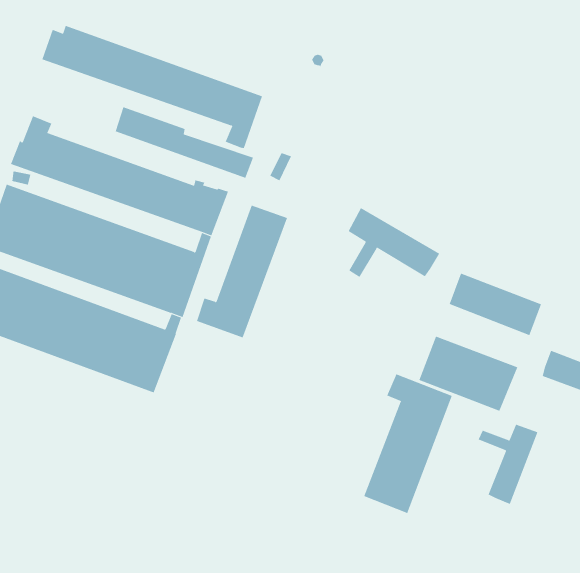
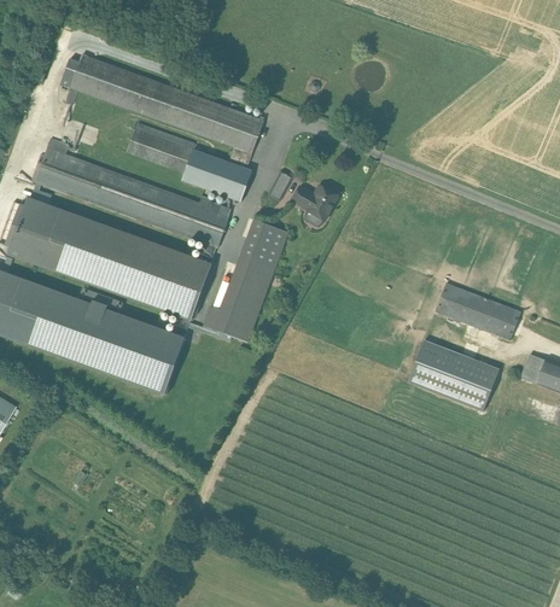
building: none -> [291,183,339,220]
building: [348,207,440,278] -> none
building: [363,373,453,514] -> none
building: [478,424,538,504] -> none

